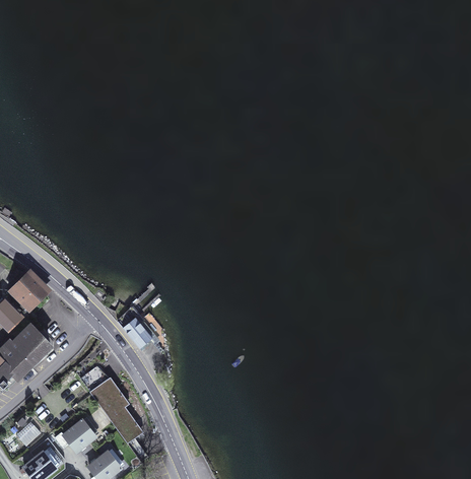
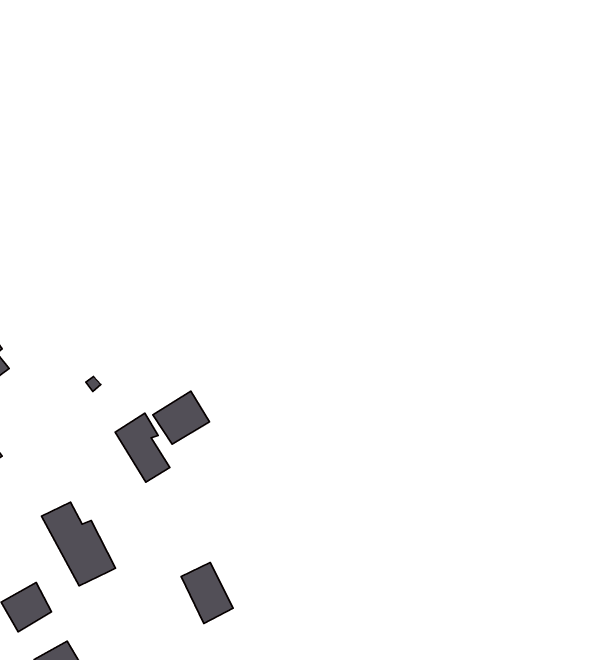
building: none -> [153,391,210,444]
building: [110,406,144,443] -> [181,562,233,624]

